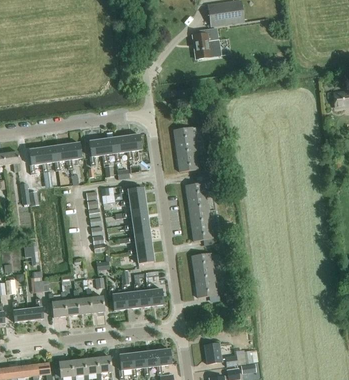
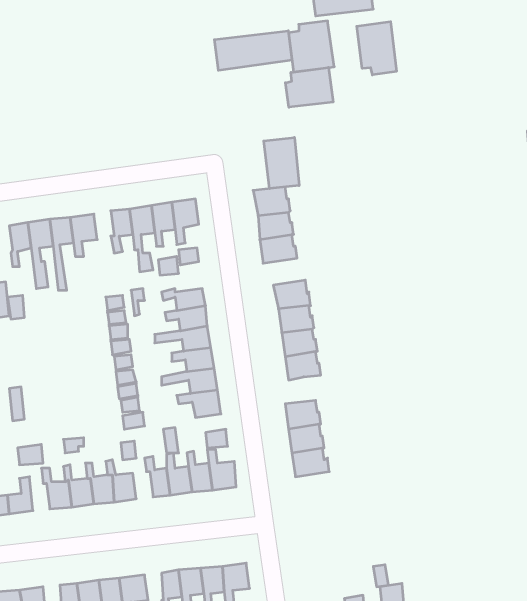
building: none -> [357,22,396,75]
building: none -> [214,31,292,70]
building: none -> [285,67,333,107]
building: none -> [264,137,299,189]
building: [204,343,237,366] -> none

